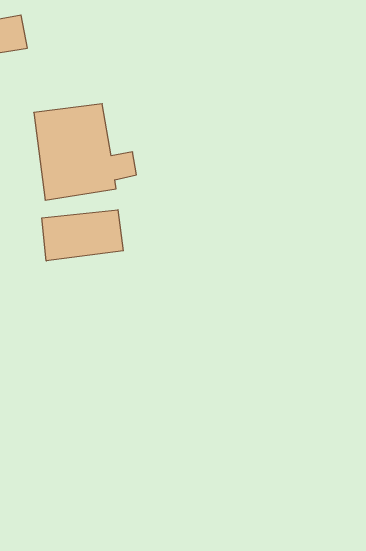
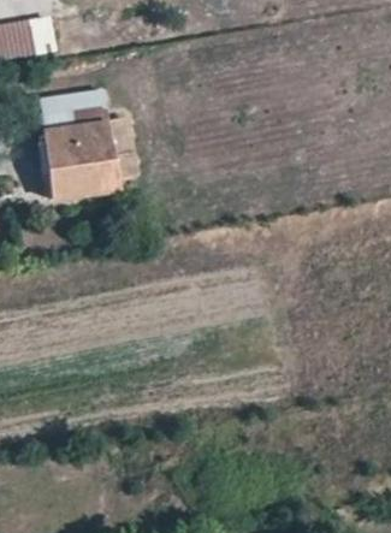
building: [42,210,123,261] -> none

